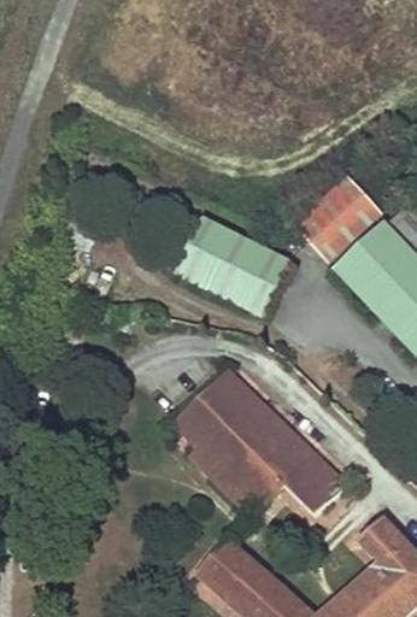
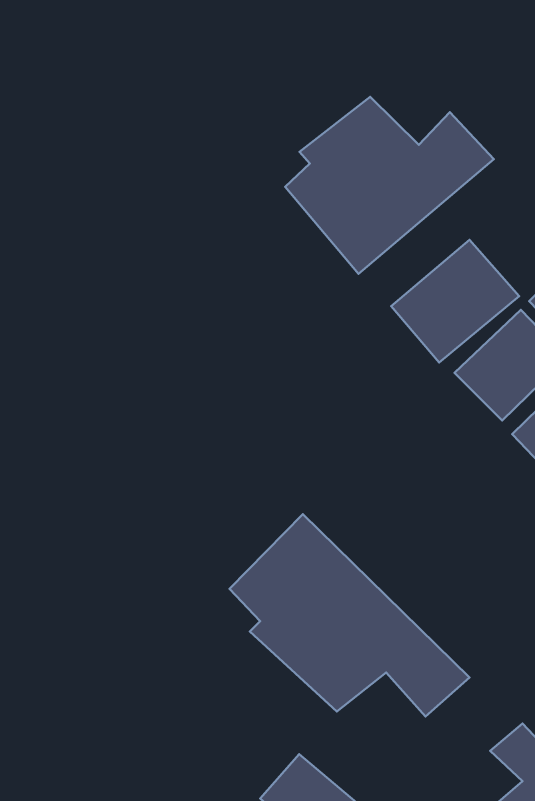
building: none -> [285,97,494,274]
building: [176,218,290,318] -> none

